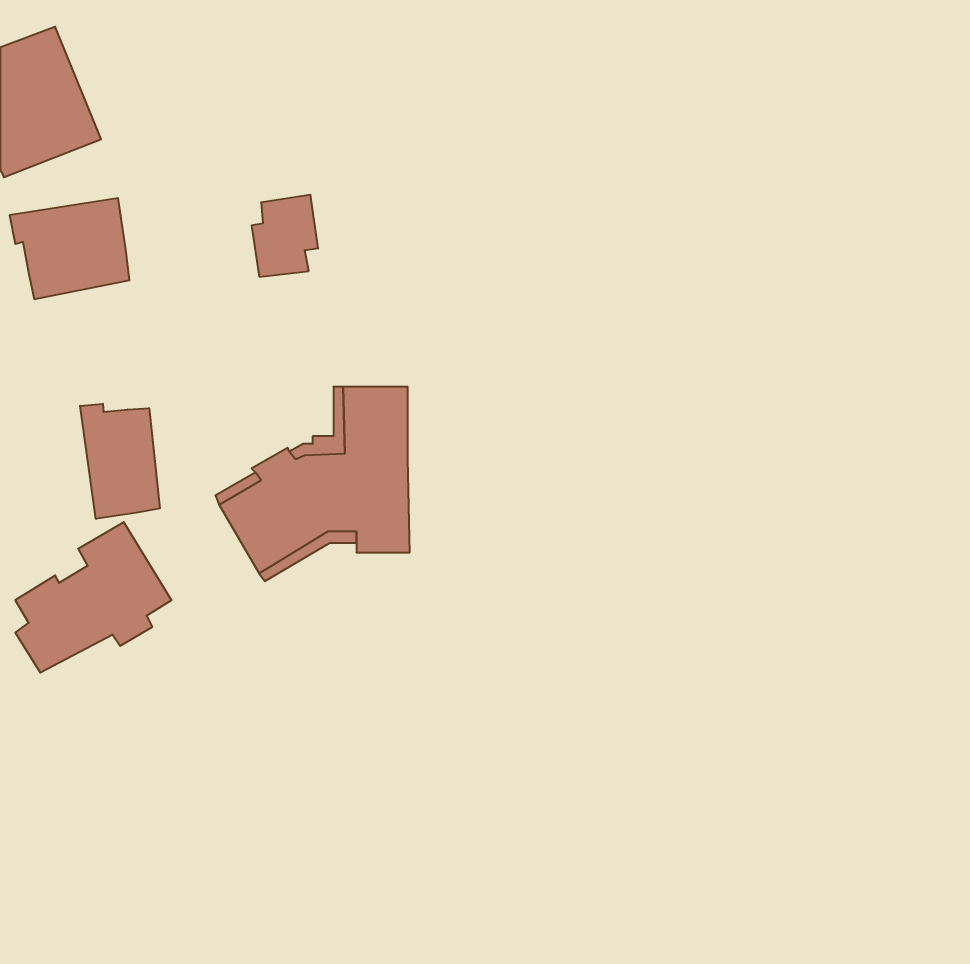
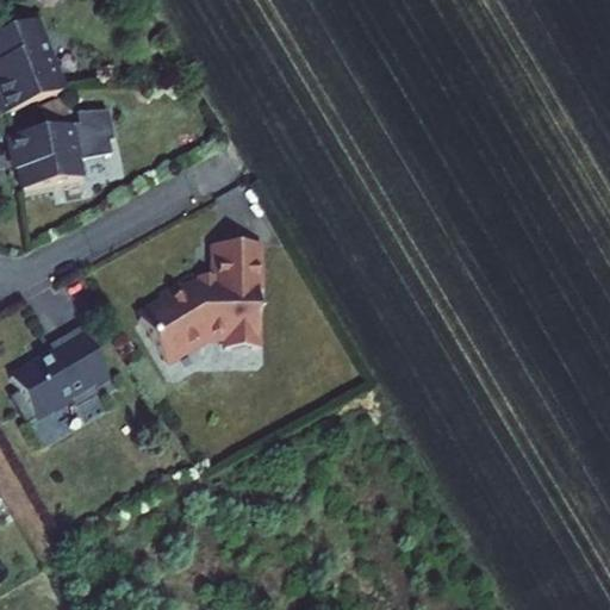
building: [252,195,318,277] -> [76,105,118,156]
building: [80,404,160,519] -> none

